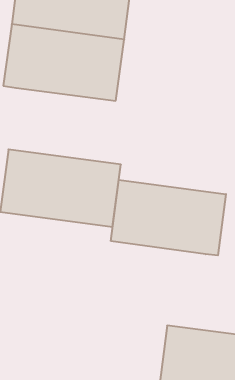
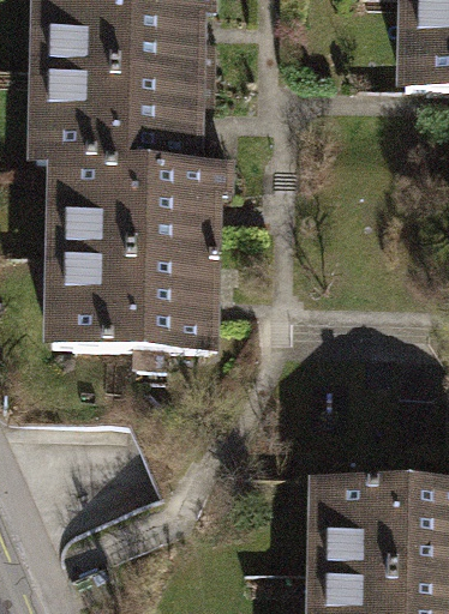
building: none -> [49,164,217,259]
building: [111,180,226,255] -> none

